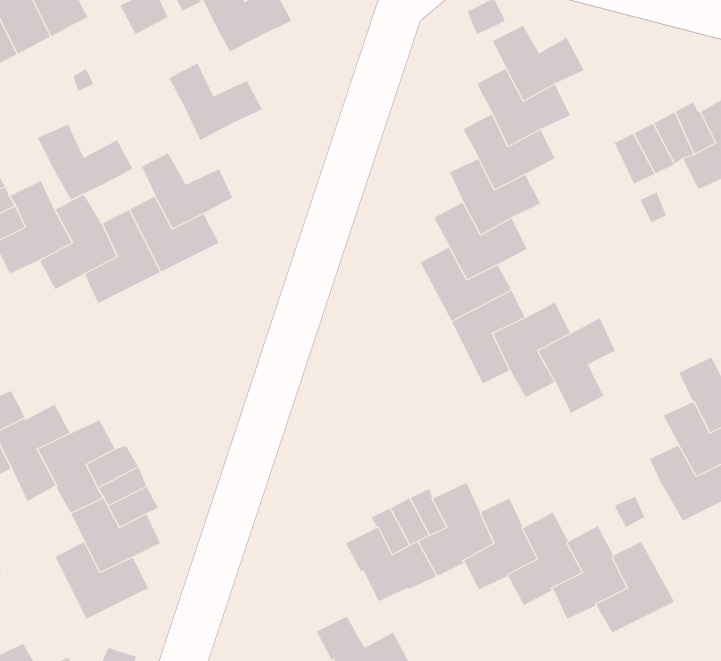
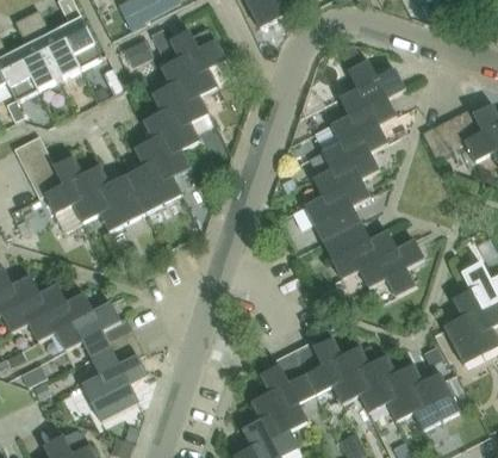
building: none -> [160,57,217,104]
building: [37,124,133,200] -> [142,111,200,157]
building: none -> [250,392,306,439]

